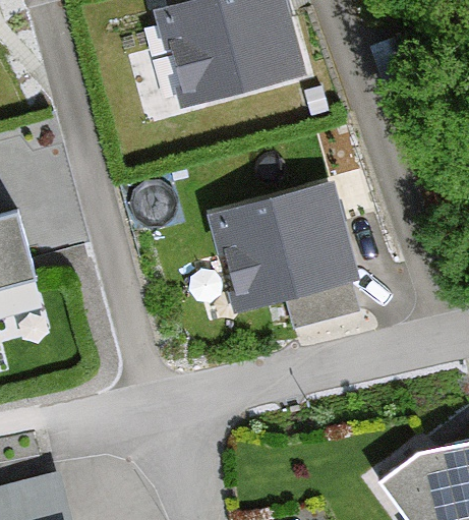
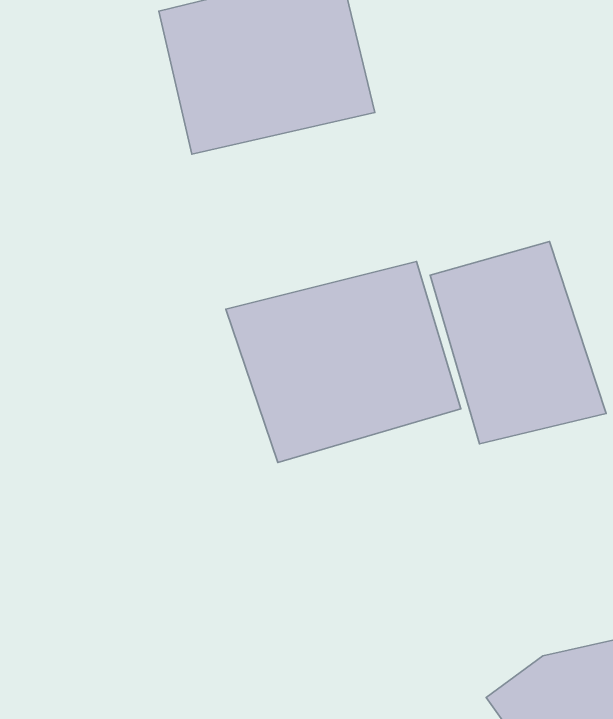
building: none -> [430,242,606,444]

